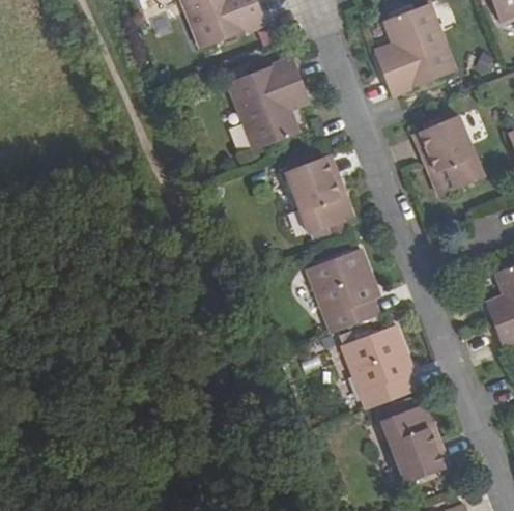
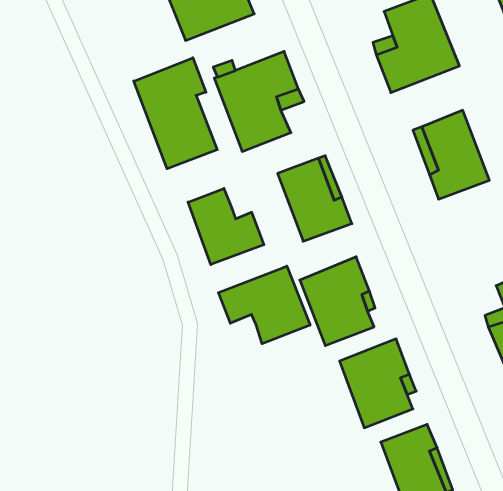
building: none -> [134,58,217,169]
building: none -> [188,188,264,265]
building: none -> [218,266,310,344]

